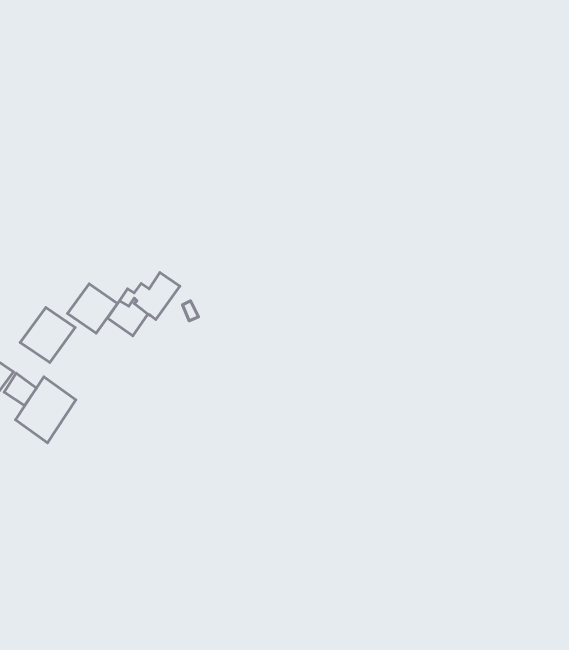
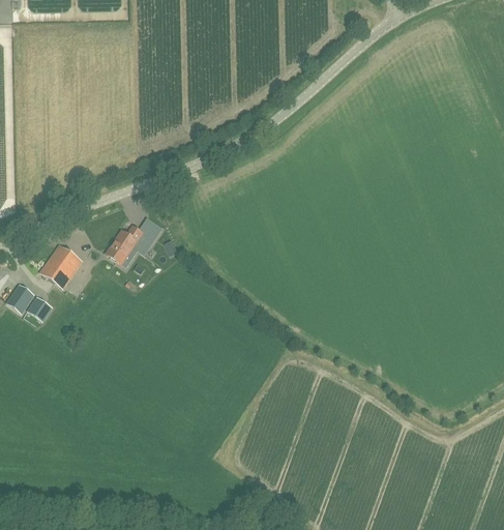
building: [68,284,118,333] -> none
building: [15,377,76,443] -> none

